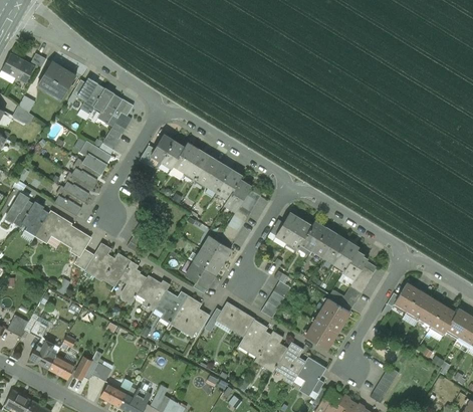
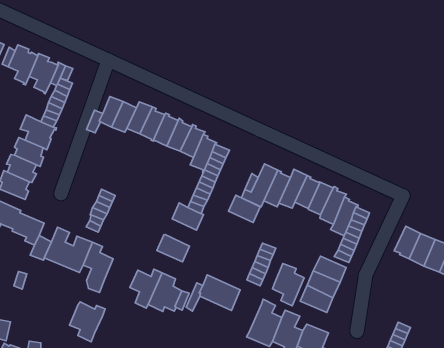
building: [195,249,223,275] -> [229,195,260,223]
building: [137,275,170,312] -> [69,302,105,342]
building: [242,320,271,358] -> [273,263,304,306]

